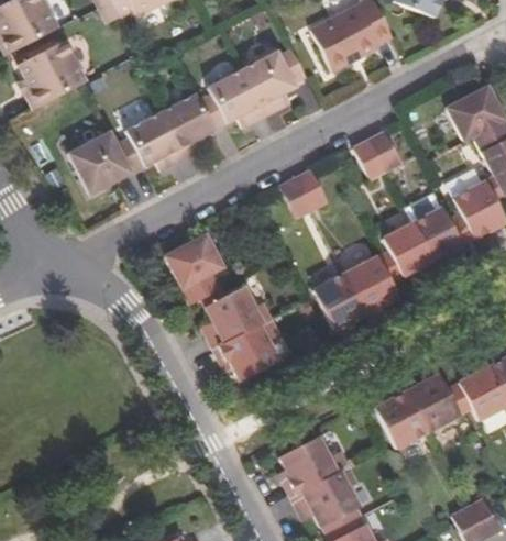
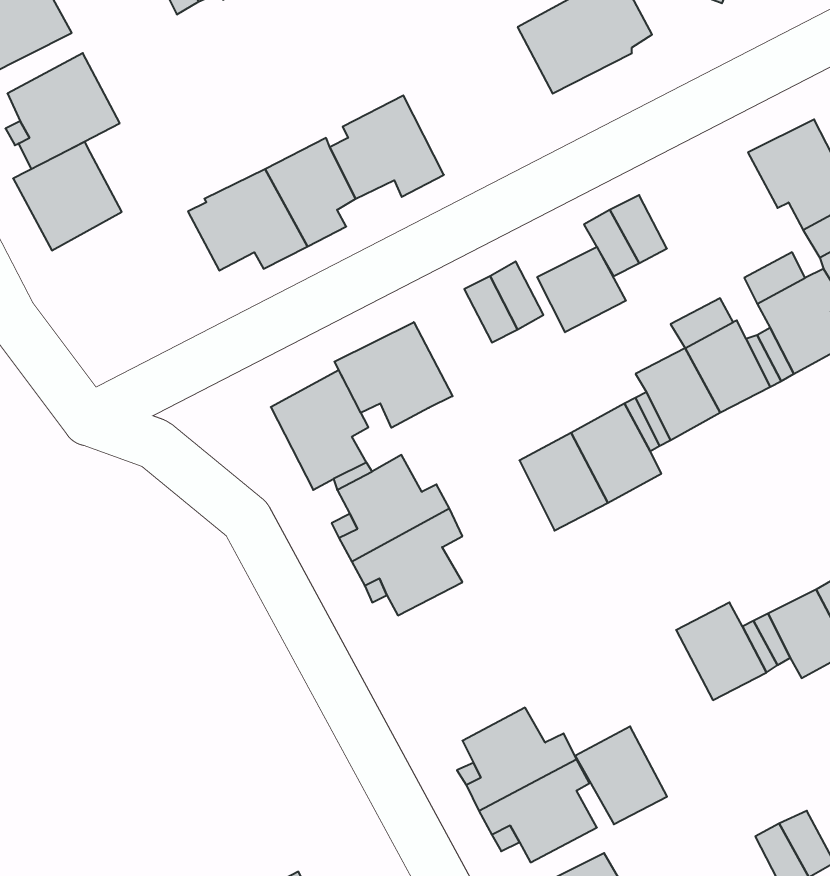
building: [244,49,308,118] -> none
building: [69,133,134,198] -> [13,142,122,250]
building: none -> [537,247,626,332]
building: none -> [334,322,453,428]
building: [374,389,429,448] -> [575,726,667,824]

